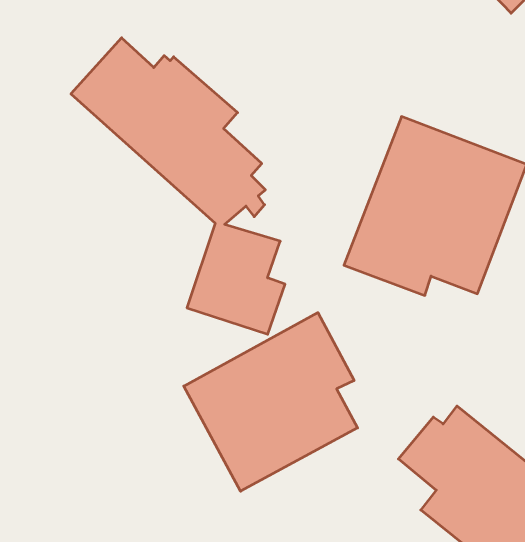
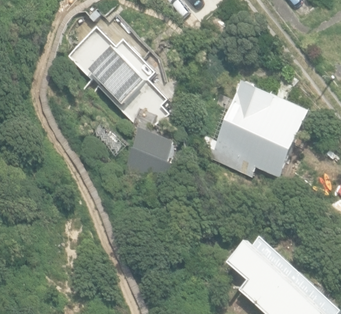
building: [184,313,358,491] -> none

